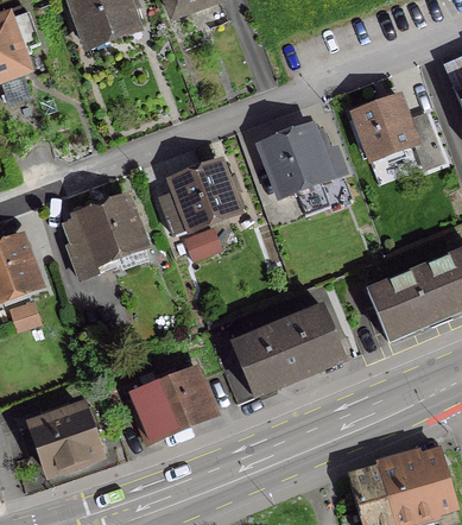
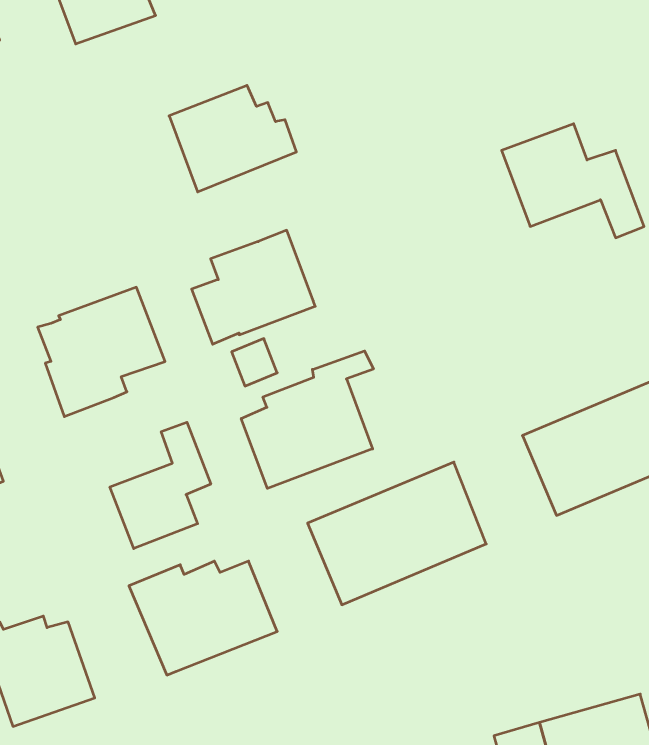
building: [261,127,341,194] -> [169,85,296,192]
building: none -> [241,351,373,488]
building: none -> [110,422,211,549]

